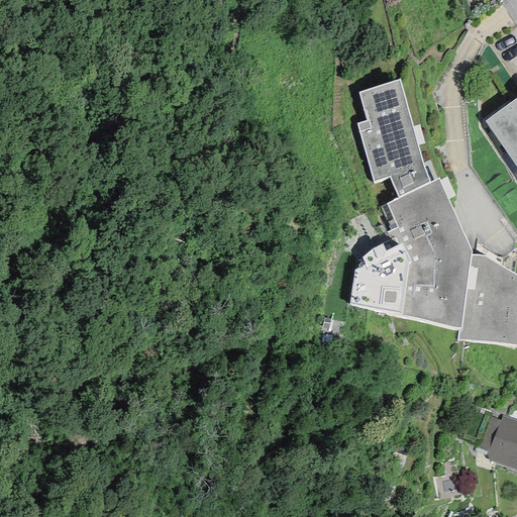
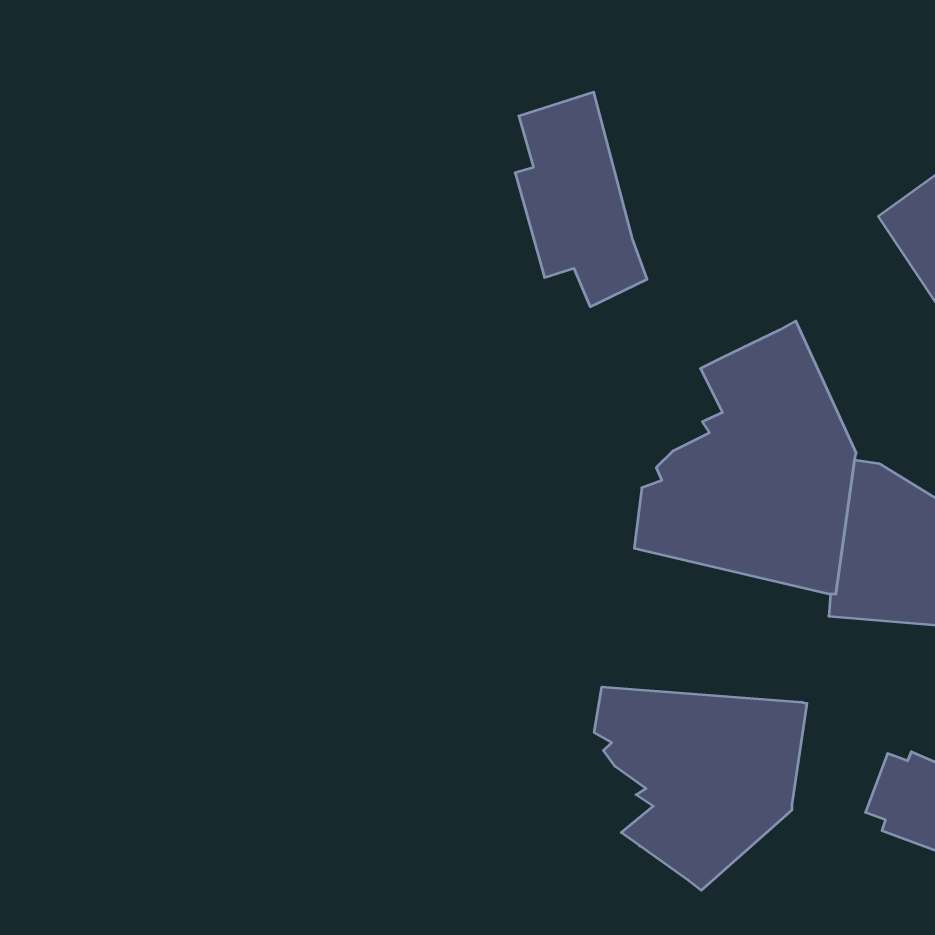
building: [357,79,430,197] -> [515,92,647,307]
building: none -> [594,687,807,890]

